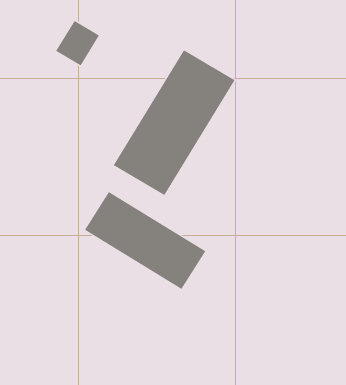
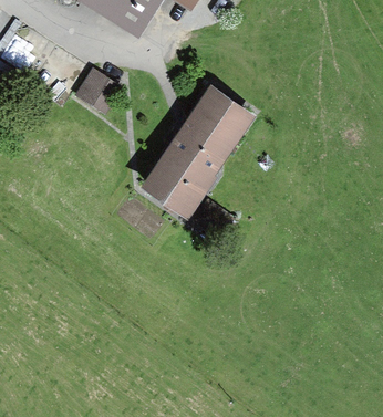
building: [84,191,206,290] -> none

